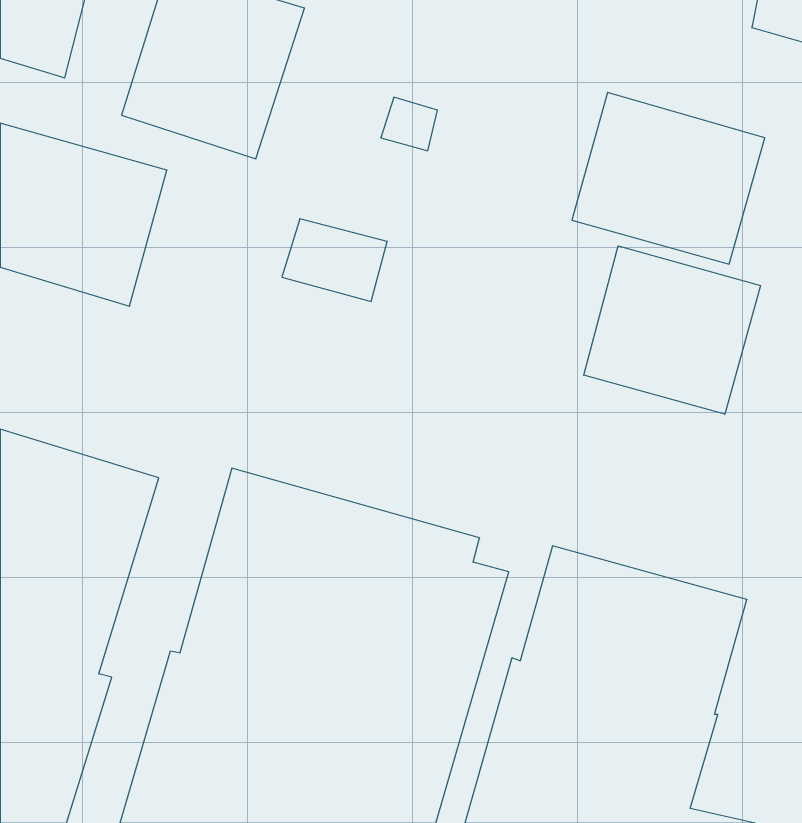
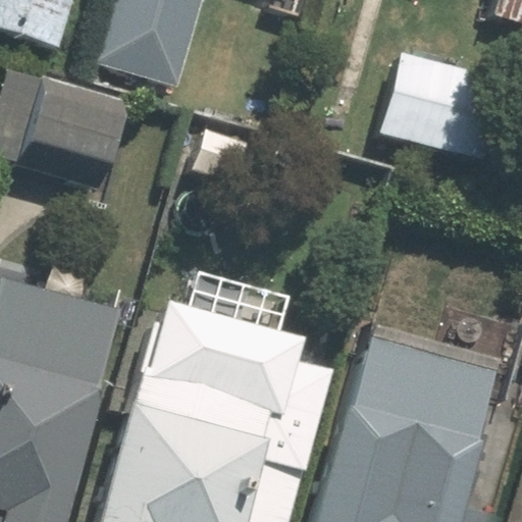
building: [584,246,761,414] -> none

